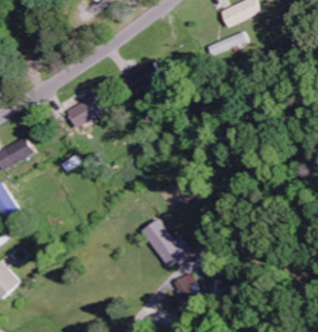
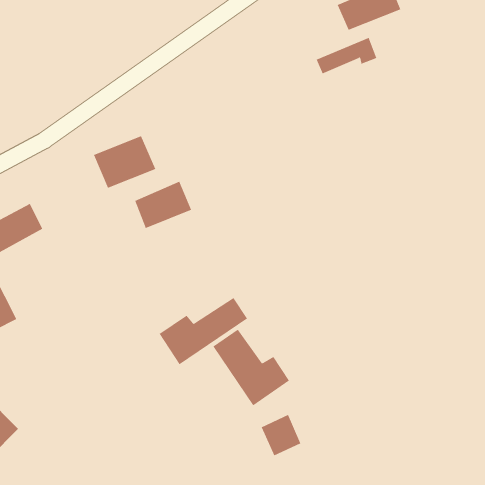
building: none -> [135,181,192,229]
building: none -> [159,297,248,365]

